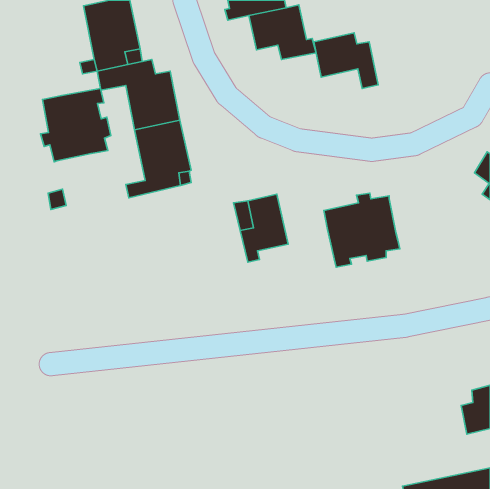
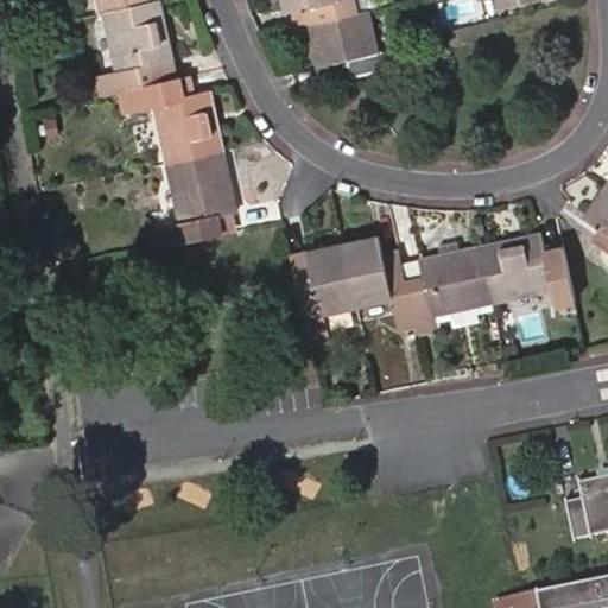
building: [314,33,378,88] -> none
building: [41,88,111,162] -> none
building: none -> [342,234,414,330]
building: none -> [481,234,568,299]

